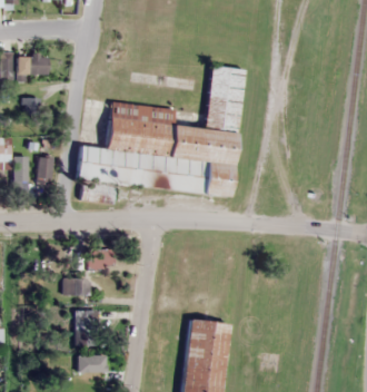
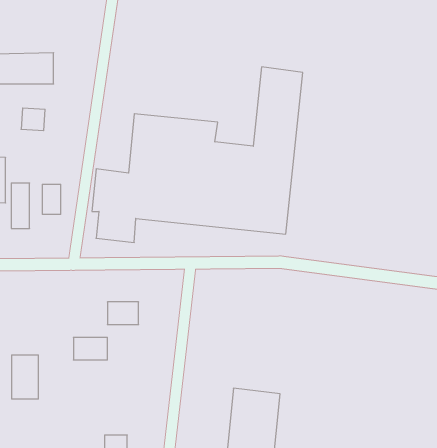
building: [75,310,96,344] -> [12,355,38,399]

